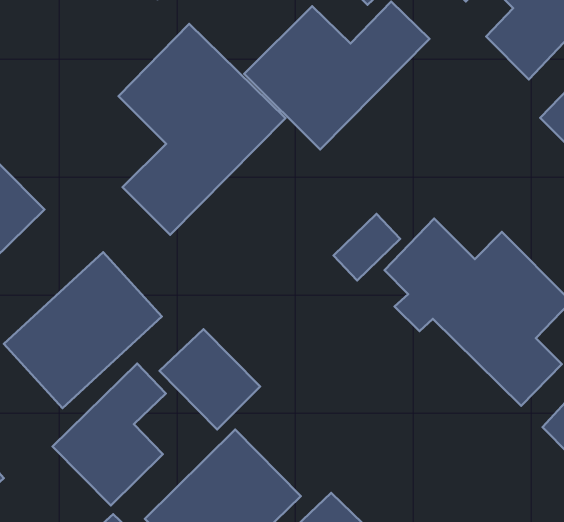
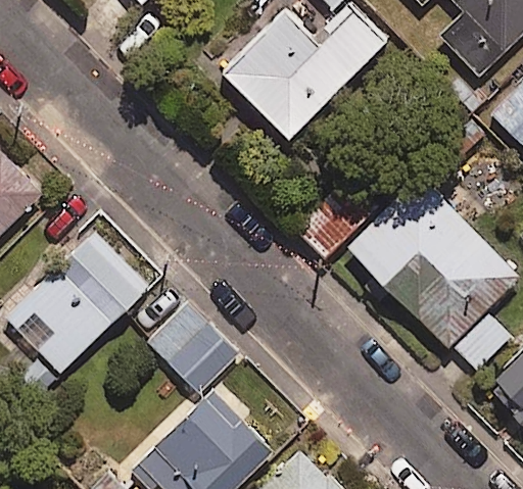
building: [119,24,285,235] -> none
building: [53,364,166,506] -> none

